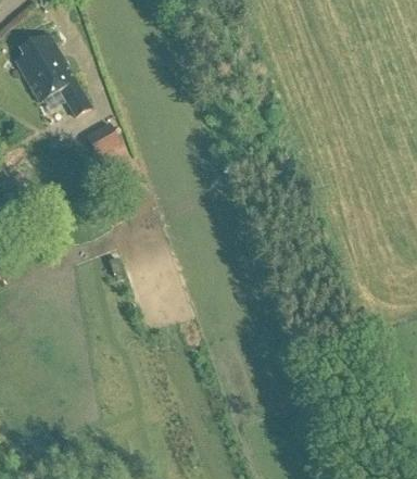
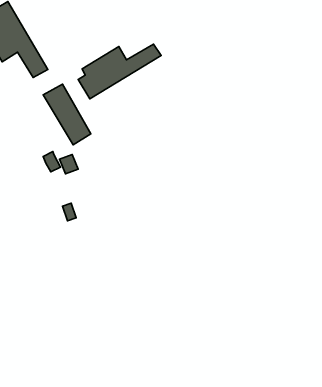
building: none -> [78,44,161,99]

